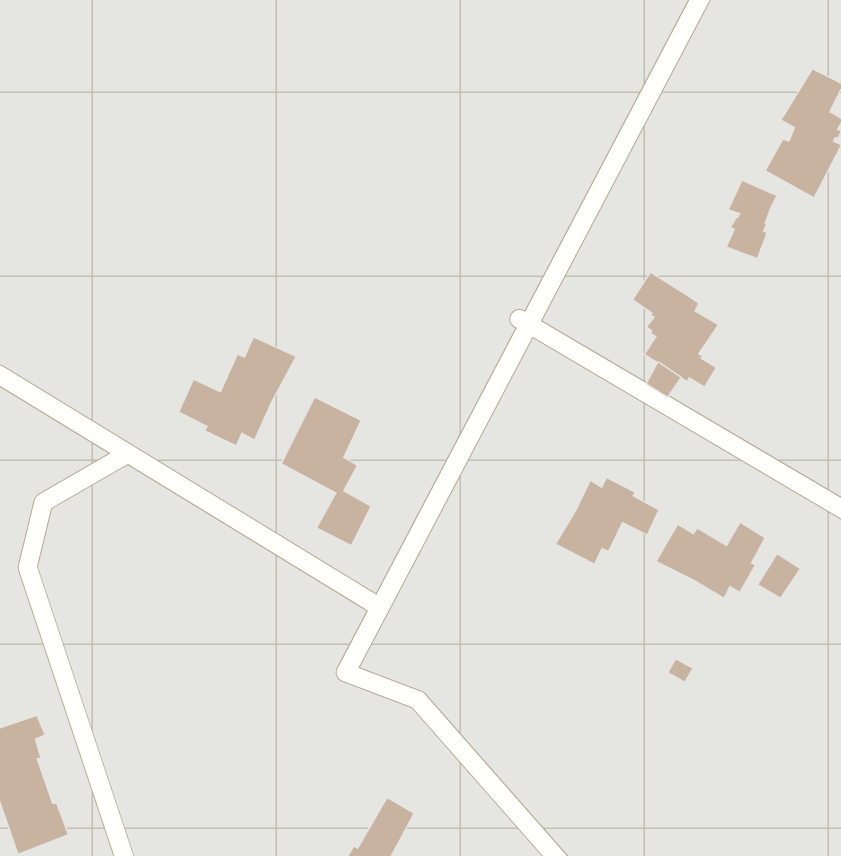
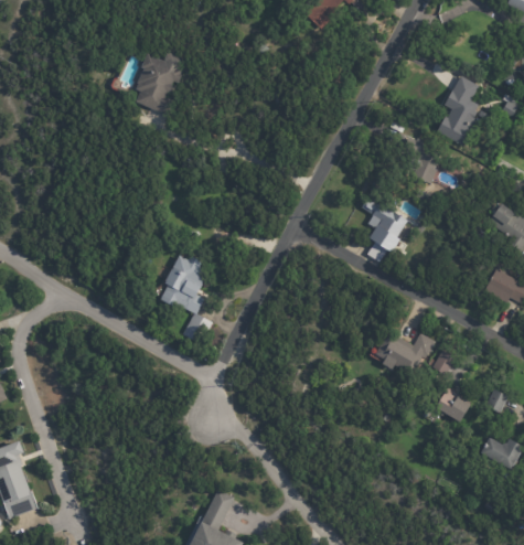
building: none -> [135,53,183,116]
building: [179,337,296,446] -> none
building: [556,477,659,564] -> none
building: none -> [436,388,471,423]

